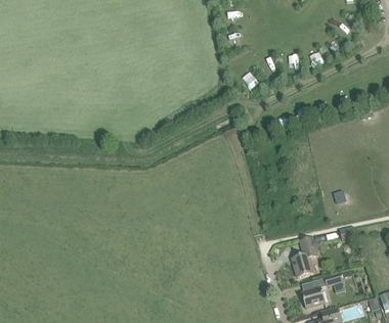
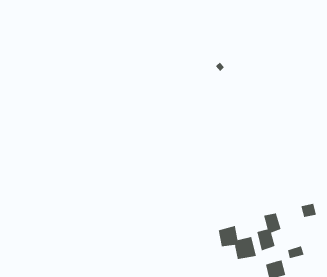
building: none -> [218,225,257,260]

